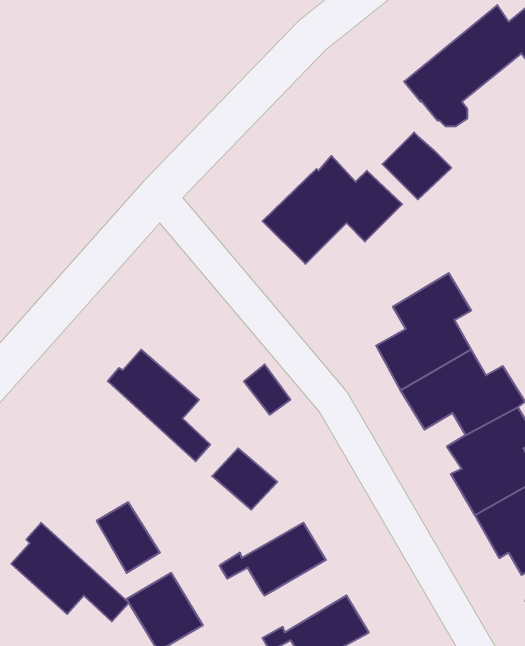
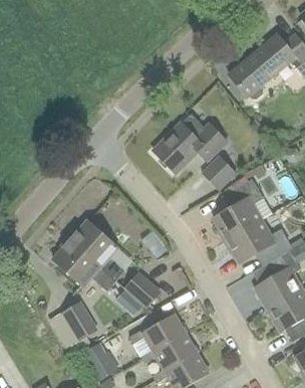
building: [382,132,451,199] -> [200,154,237,190]
building: [11,523,129,621] -> [52,236,115,289]
building: none -> [139,333,197,372]

